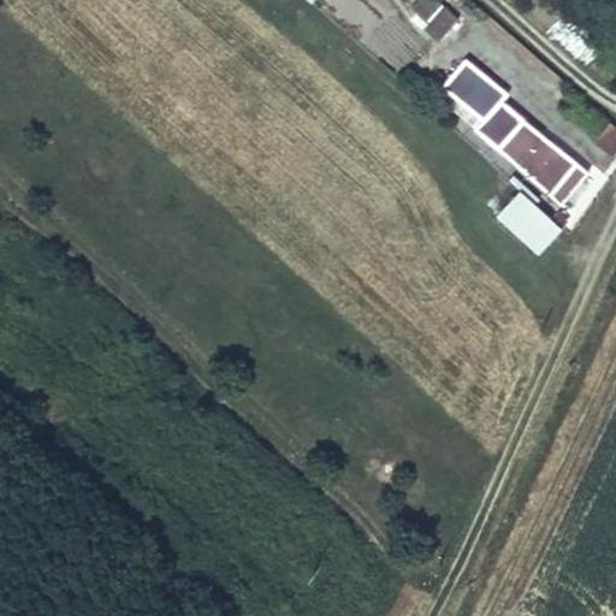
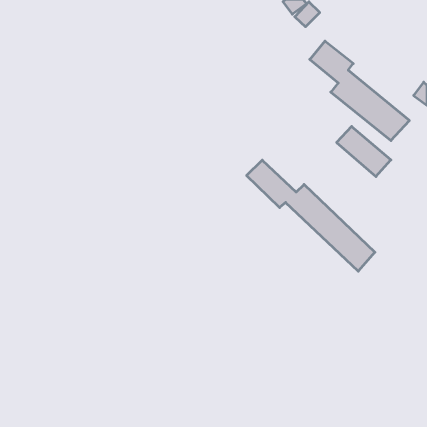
building: none -> [247,160,375,271]

